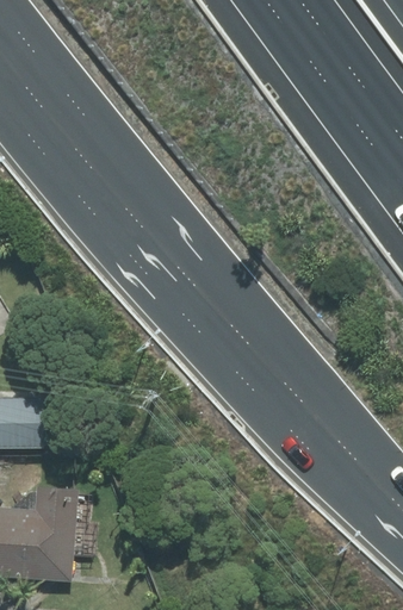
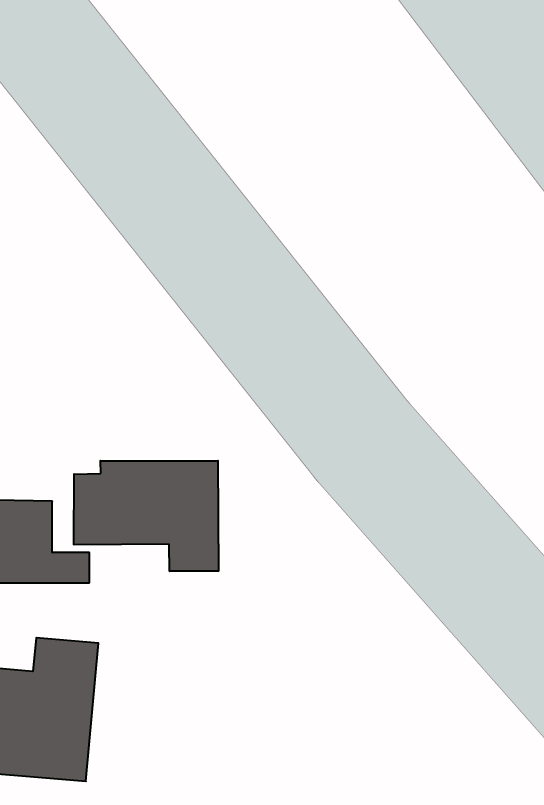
building: none -> [74,461,219,571]

